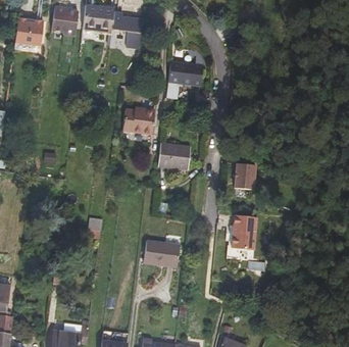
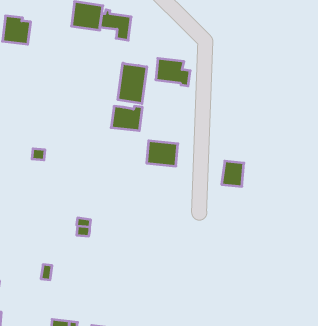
building: [52,6,78,35] -> none
building: none -> [118,63,147,104]
building: [231,213,258,248] -> none
building: [144,240,180,266] -> none

